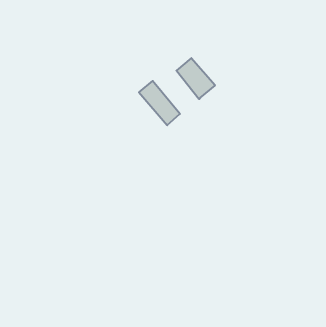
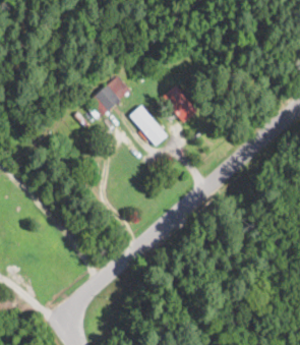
building: none -> [89,75,130,115]

